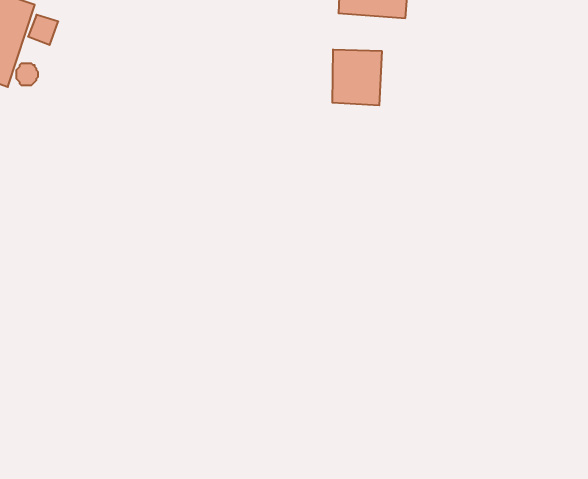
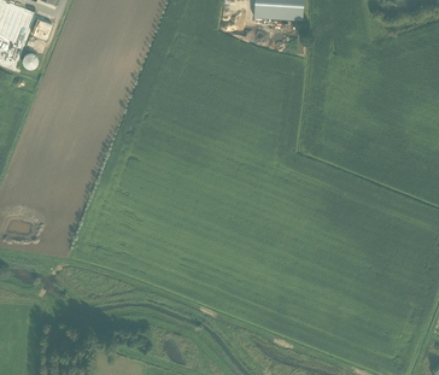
building: [332,49,382,105] -> none

